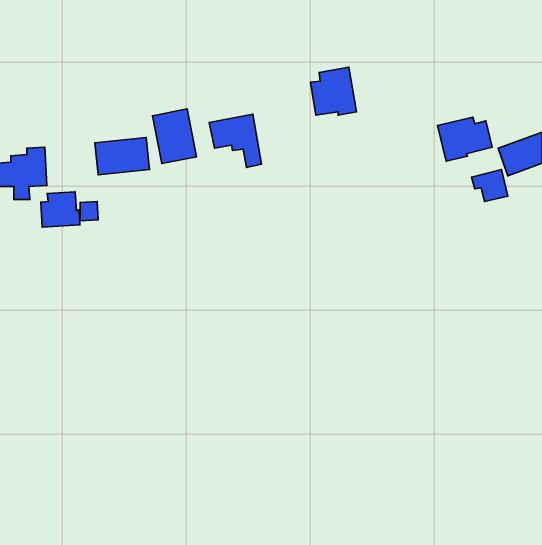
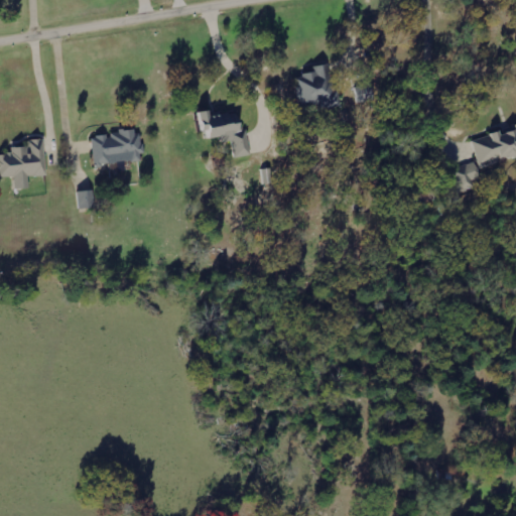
building: [153,109,197,164] -> none
building: [438,117,492,161] -> none
building: [41,192,80,227] -> none

